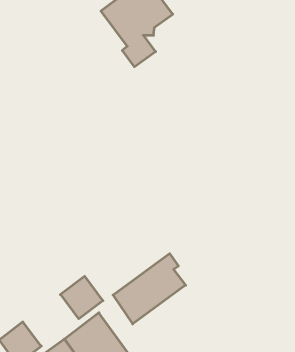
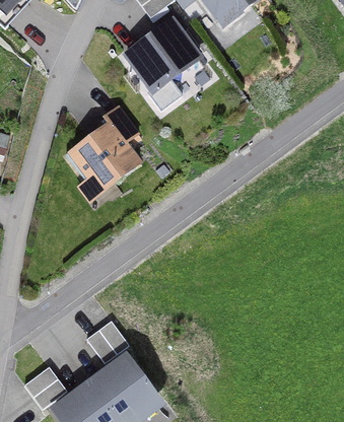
building: none -> [71,106,139,190]
building: [113,254,186,324] -> none

